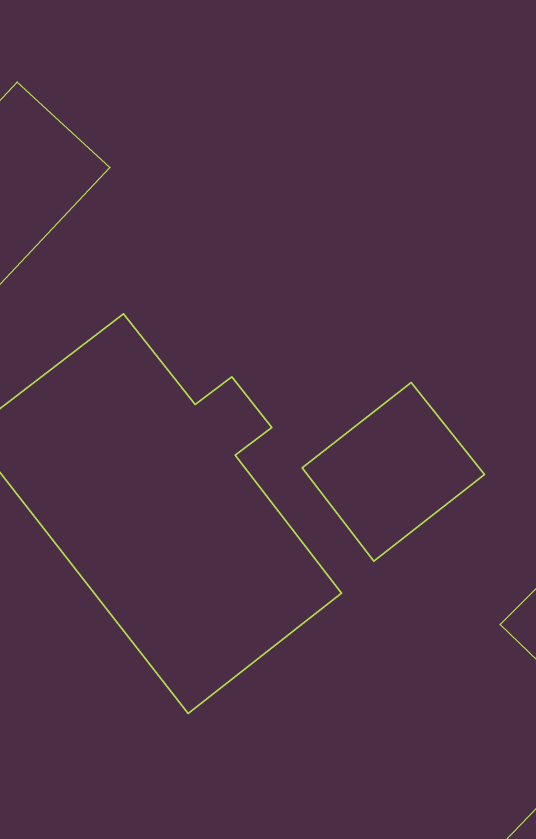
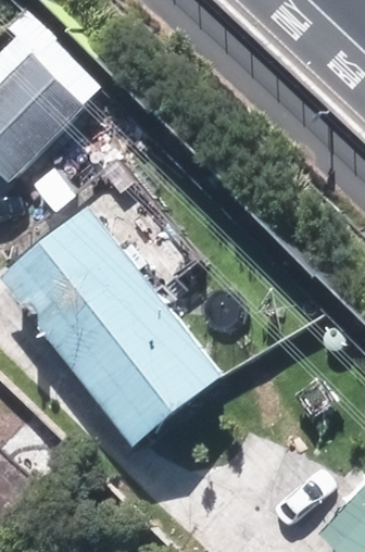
building: [302,383,485,561] -> none

